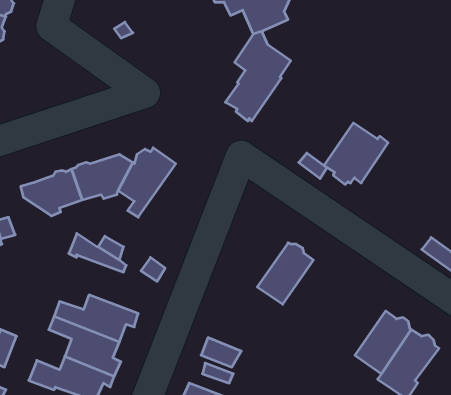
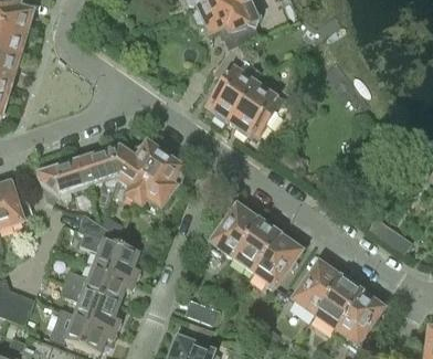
building: [324,123,388,184] -> [229,84,282,135]
building: none -> [135,155,184,207]
building: none -> [210,202,258,256]
building: none -> [80,230,139,278]
building: none -> [254,234,300,286]
building: none -> [294,262,339,313]

